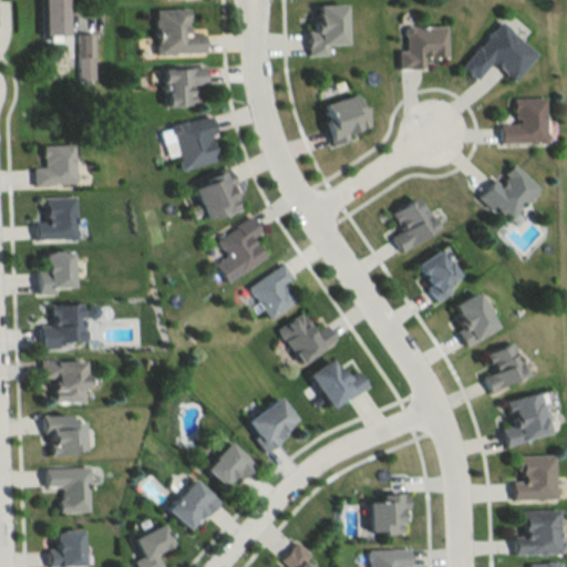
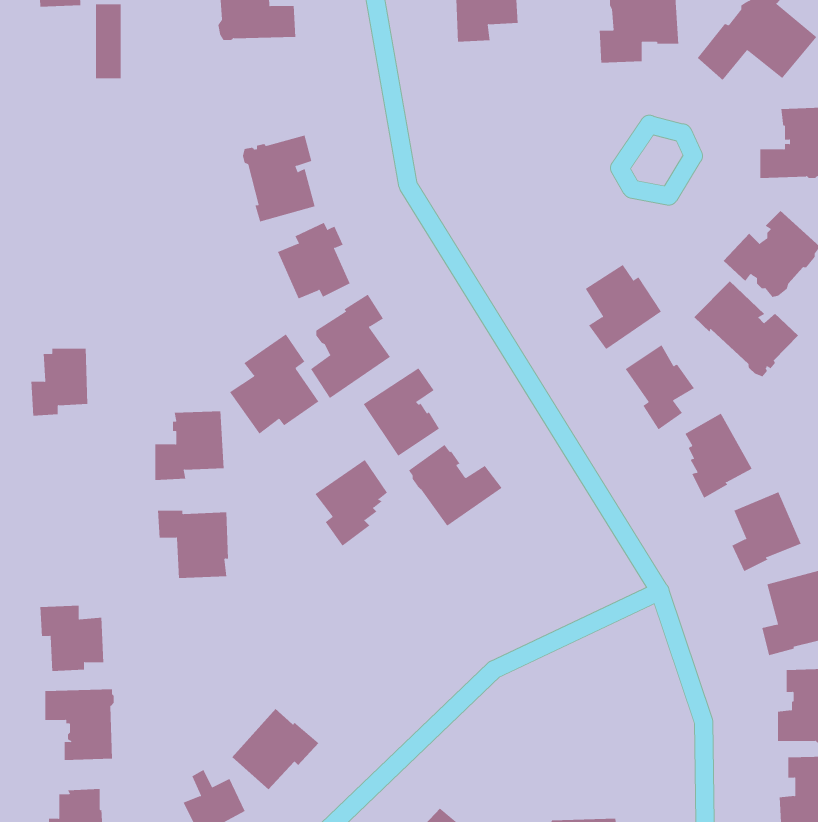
building: [165,68,208,107] -> none
building: [326,94,372,146] -> none
building: [38,144,81,187] -> none
building: [40,196,82,240] -> none
building: none -> [694,281,799,377]
building: none -> [229,333,319,435]
building: [43,306,87,350] -> [155,411,225,481]
building: [44,360,90,403] -> [157,510,229,578]
building: [311,360,372,409] -> none
building: [250,400,297,455] -> [314,459,388,547]
building: [209,442,260,487] -> none
building: [370,494,411,535] -> none

